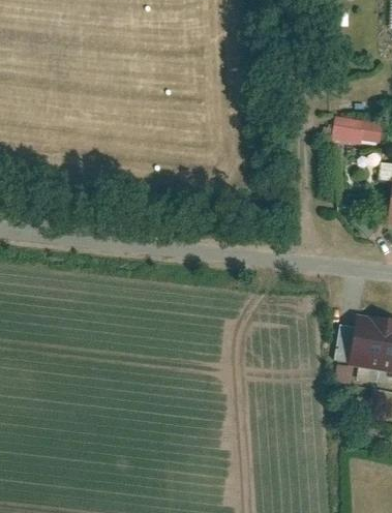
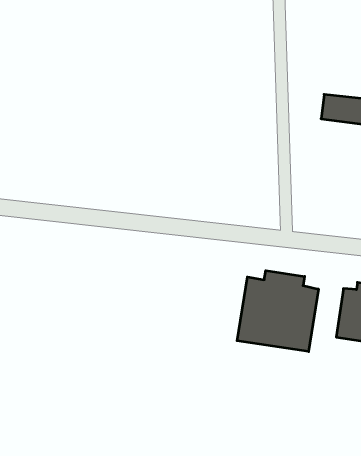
building: none -> [237,271,318,352]

